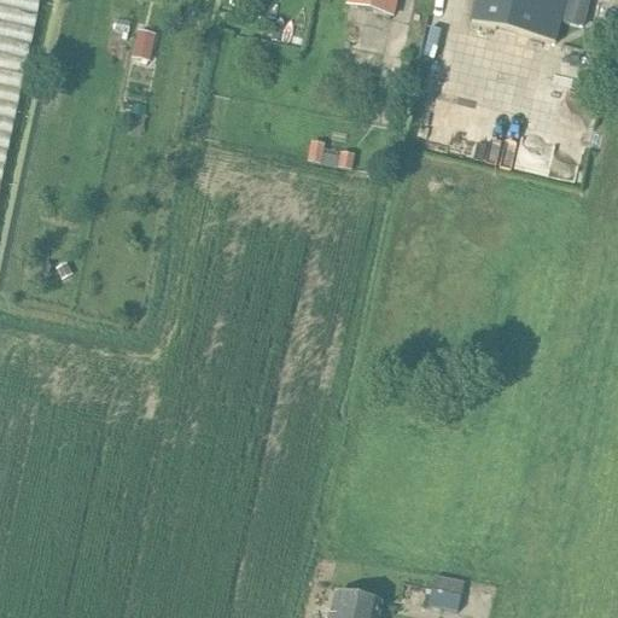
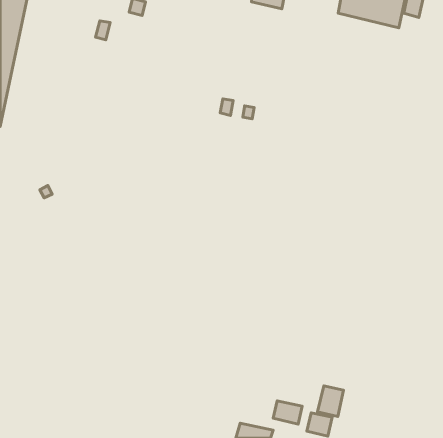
building: none -> [317,386,343,416]
building: none -> [273,401,302,424]

